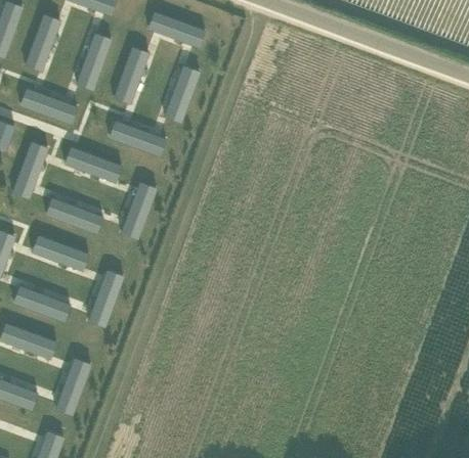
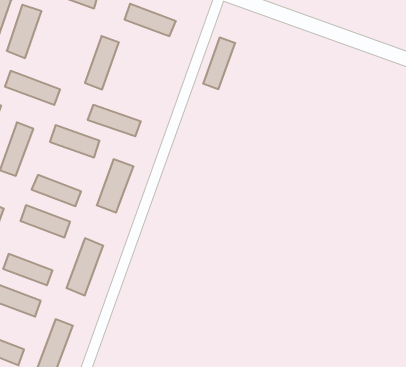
building: [74,34,112,93] -> none
building: [163,67,199,125] -> [203,38,235,89]

